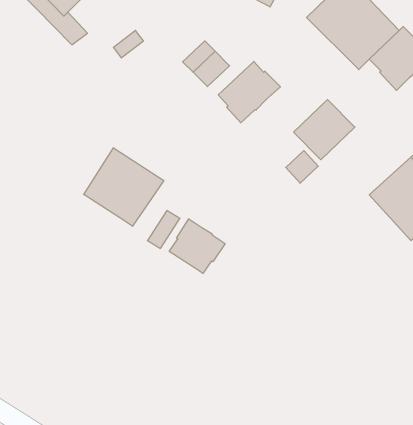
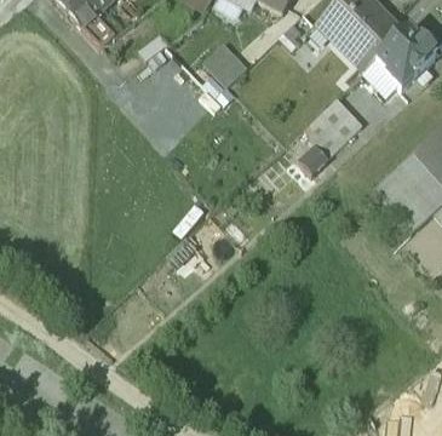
building: [218,61,280,123] -> none
building: [84,148,164,226] -> none
building: [169,219,225,273] -> none

